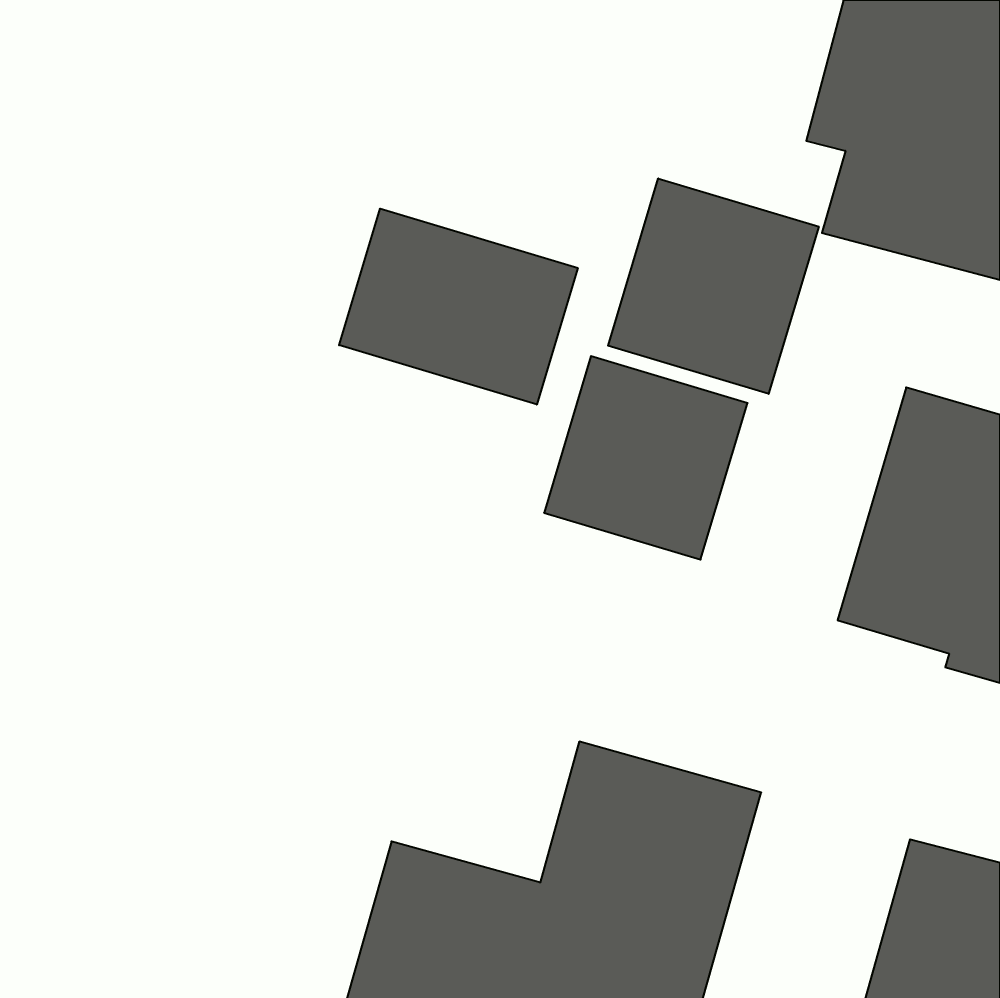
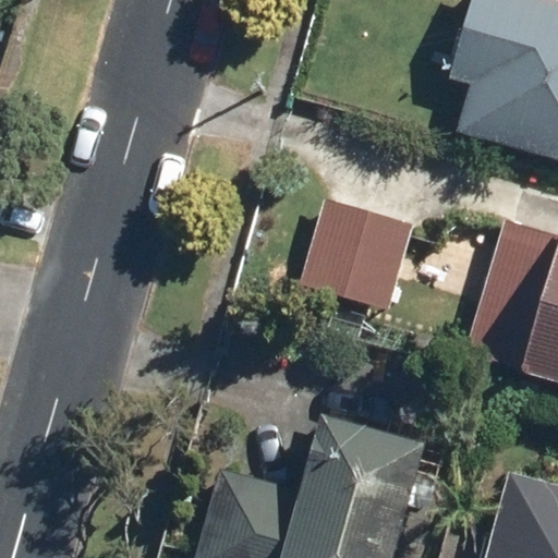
building: [608,178,819,394] -> none
building: [339,209,578,405] -> none

